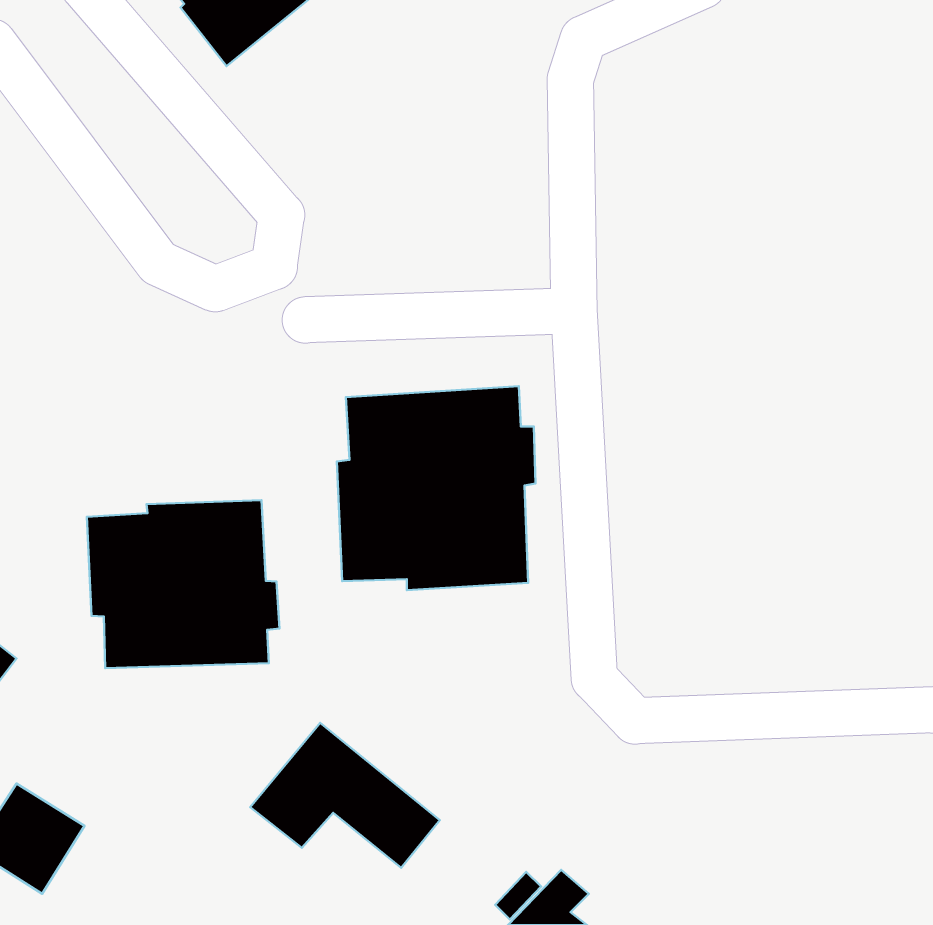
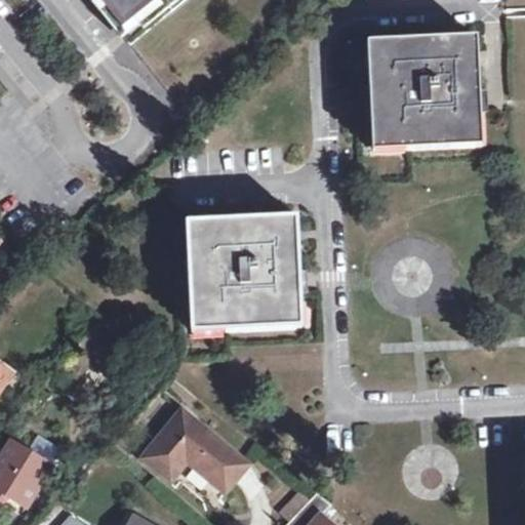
building: none -> [369,35,481,148]
building: [87,500,279,668] -> none

